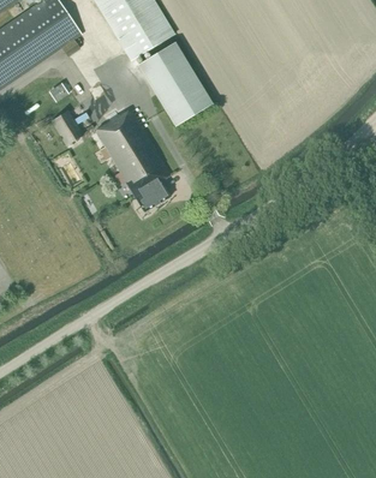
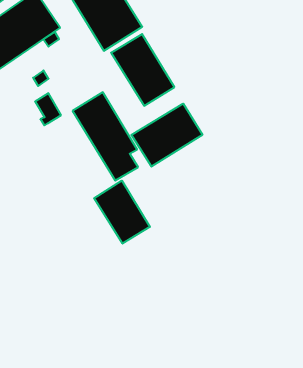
building: none -> [131,104,202,167]
building: none -> [94,181,150,244]

